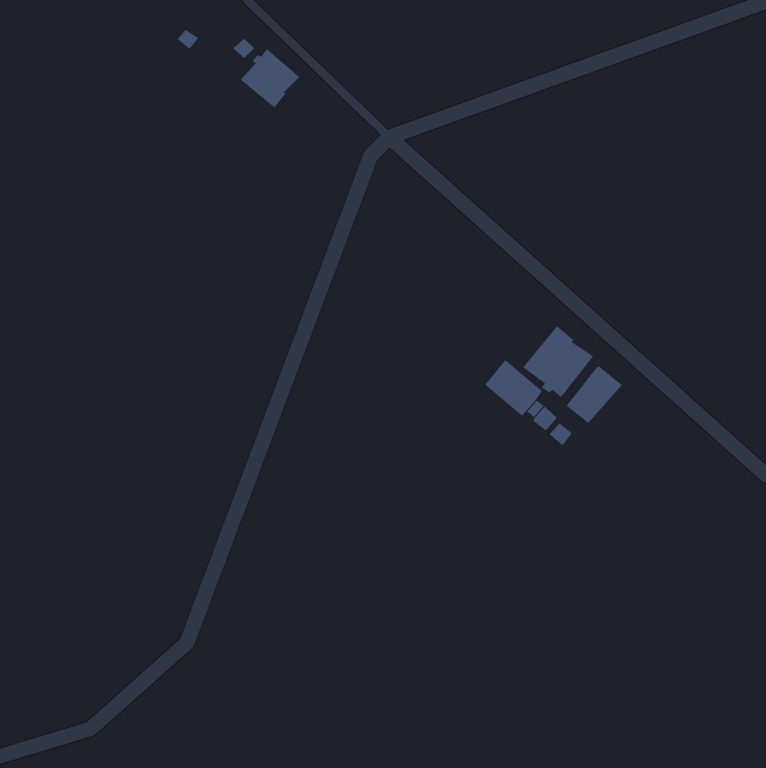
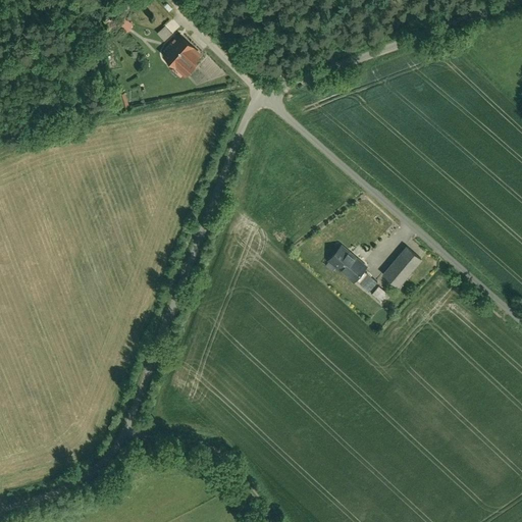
building: [522,325,594,398] -> none

